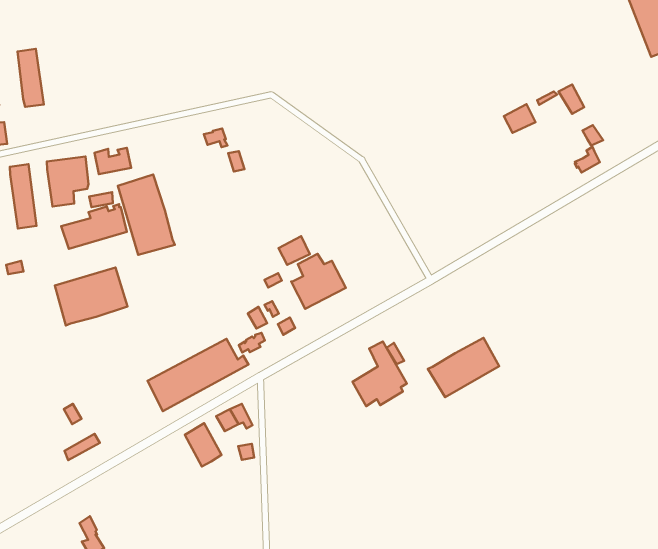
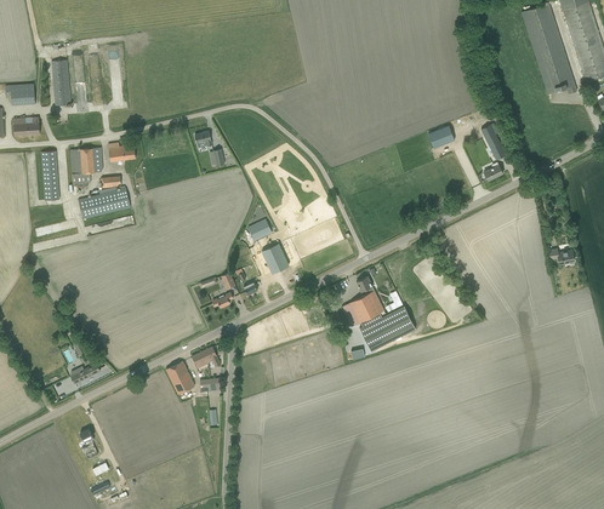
building: [118,175,175,255] -> none
building: [55,268,128,326] -> none
building: [147,339,248,411] -> none
building: [352,341,407,406] -> [342,276,384,326]

